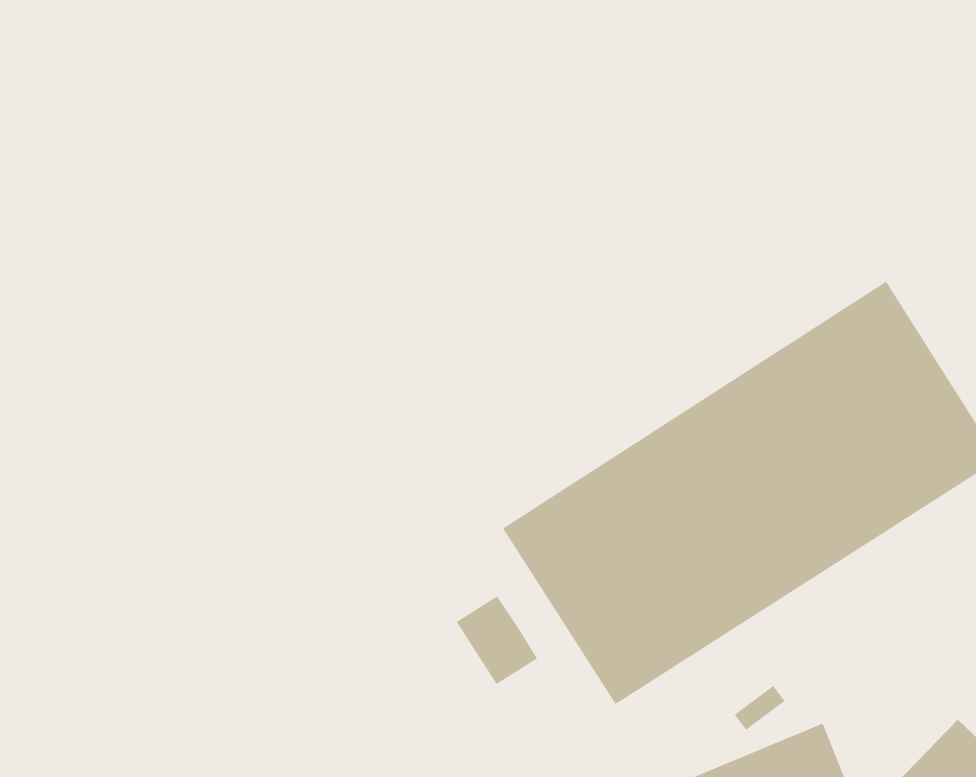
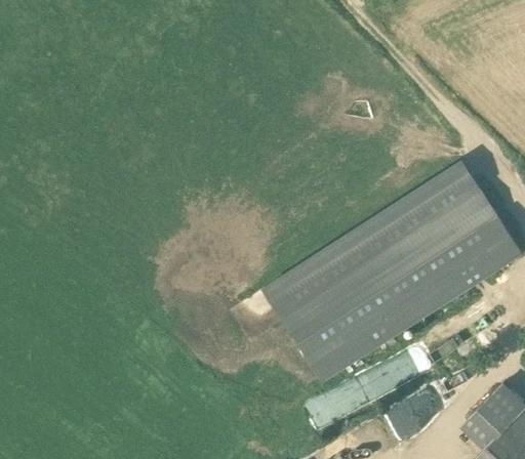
building: [456,596,538,685] -> none

